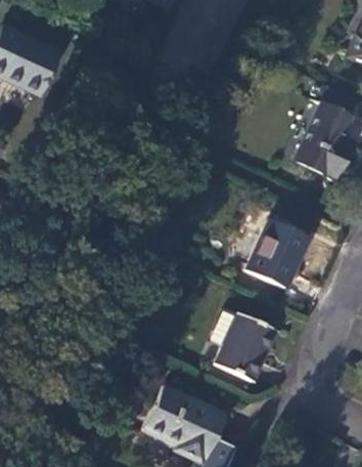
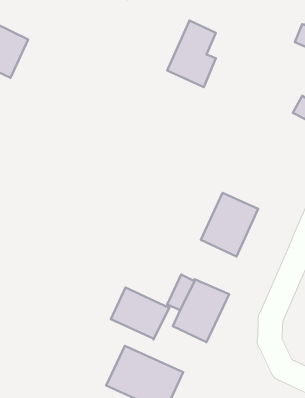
building: [297,102,350,175] -> [167,20,216,87]
building: none -> [111,287,169,339]

